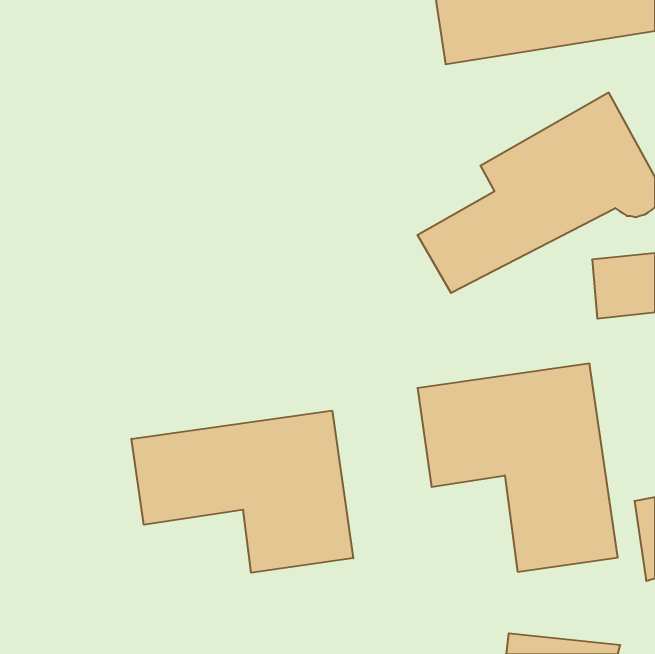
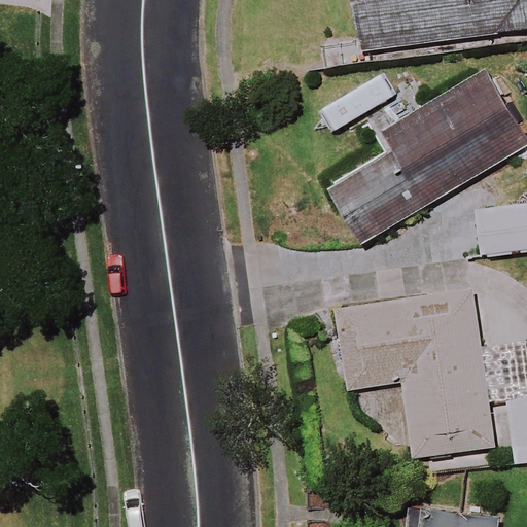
building: [131,411,353,573] -> none

